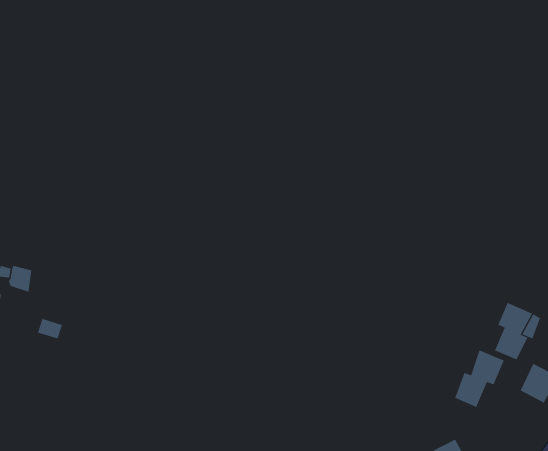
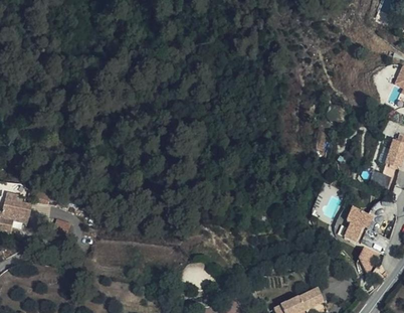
building: [455,350,505,408] -> none

